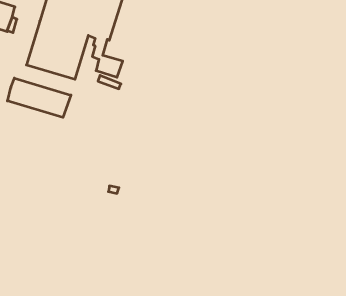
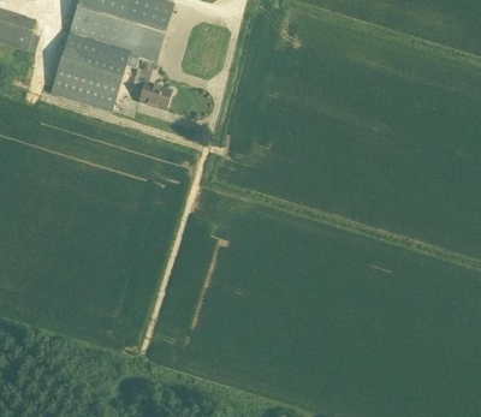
building: [7,78,71,117] -> none

